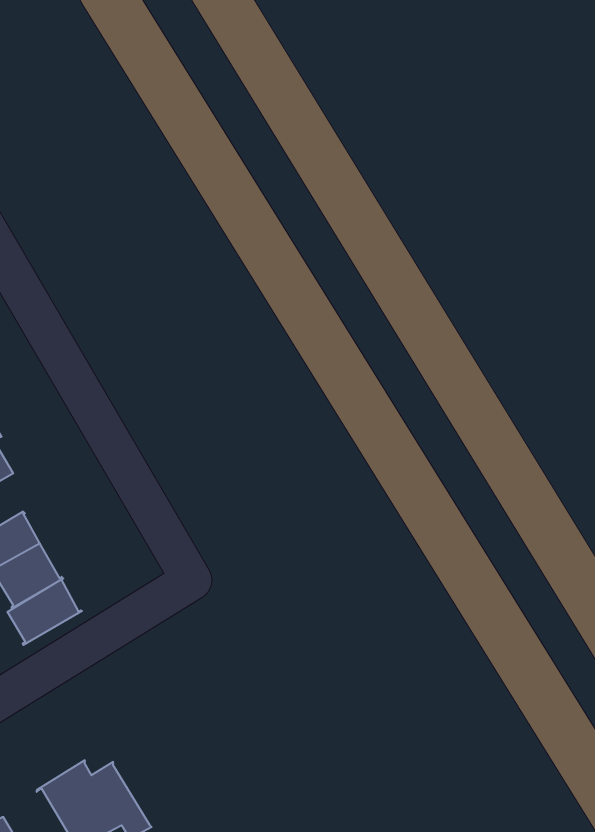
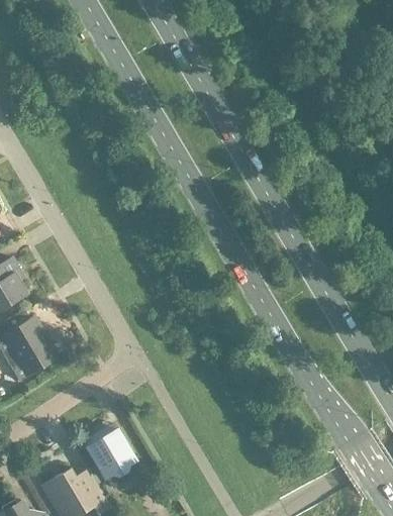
building: [7,580,82,645] -> none
building: none -> [88,431,134,478]

